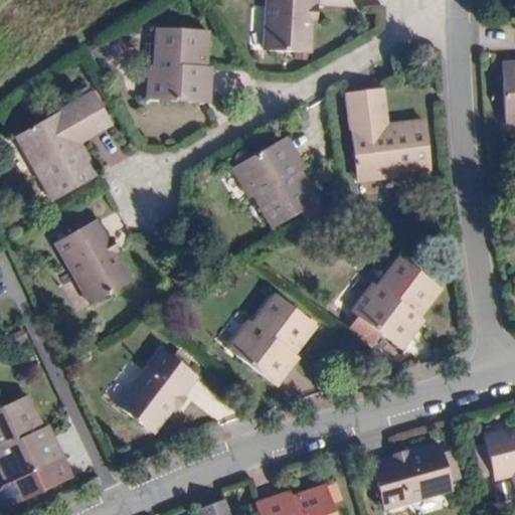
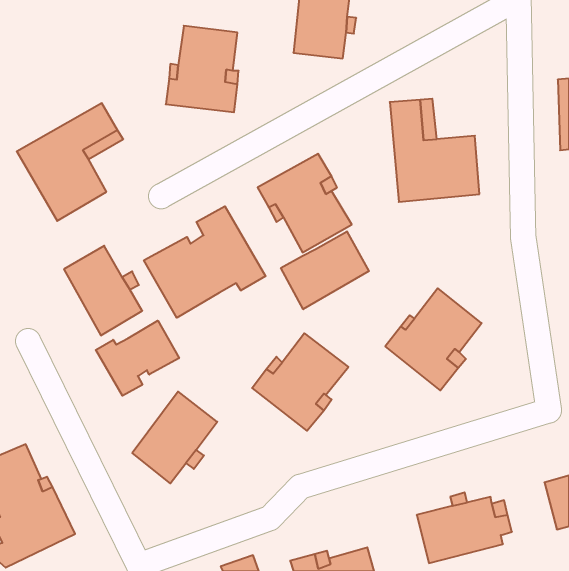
building: none -> [144,206,266,318]
building: none -> [281,231,369,309]
building: none -> [96,321,179,396]

